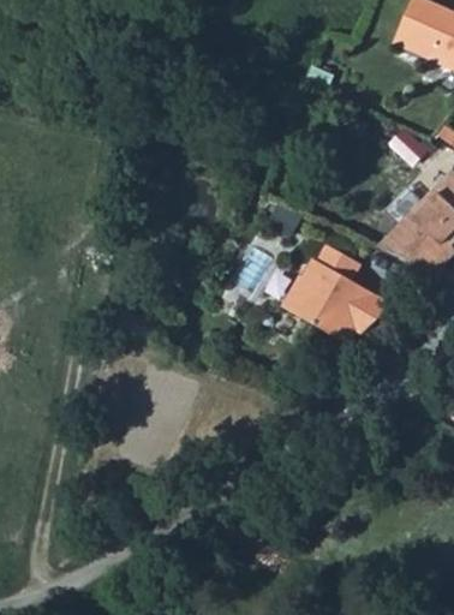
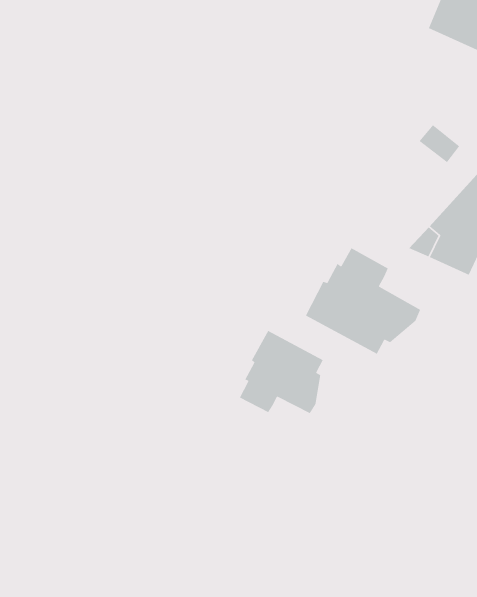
building: none -> [239,330,324,414]

